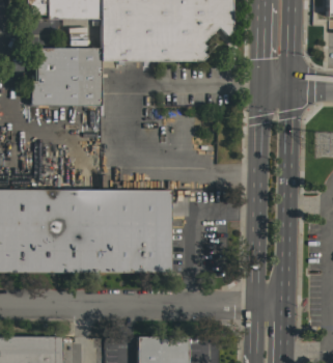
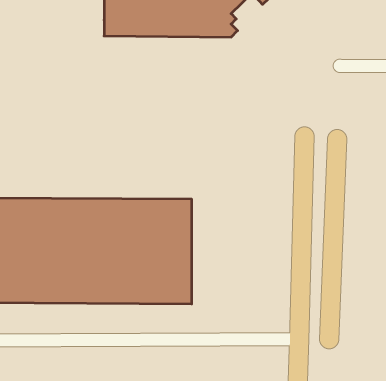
building: [32,48,103,105] -> none

